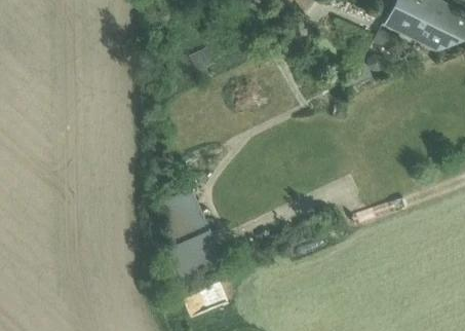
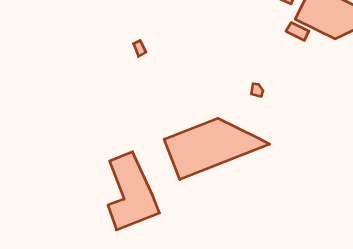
building: none -> [164,118,270,180]

